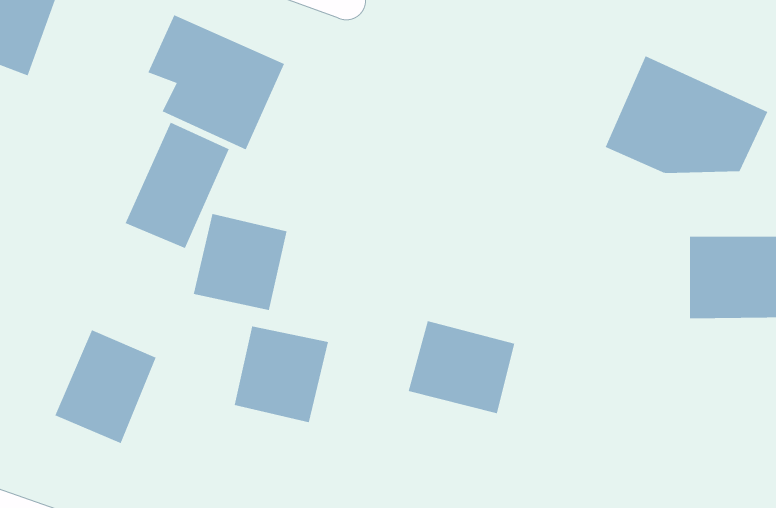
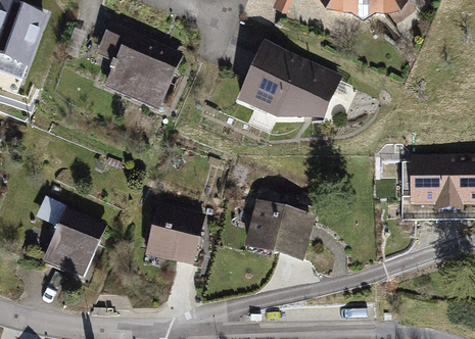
building: [605,56,768,173] -> [242,47,337,115]
building: [125,122,230,249] -> none
building: [193,213,287,311] -> none

